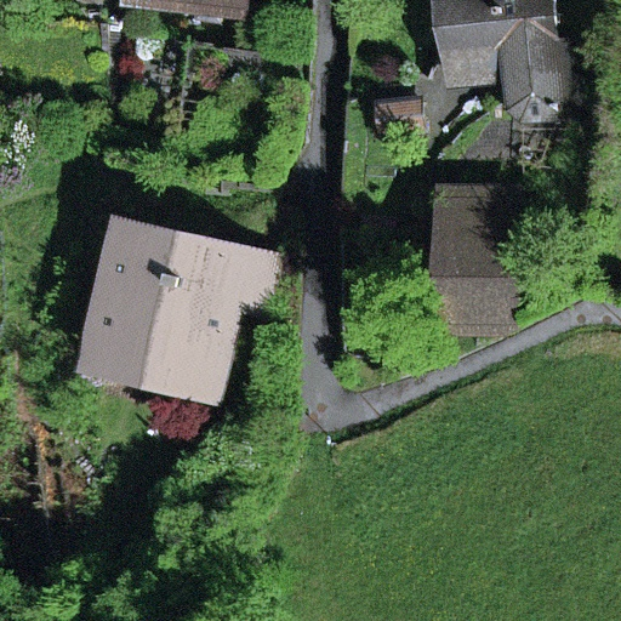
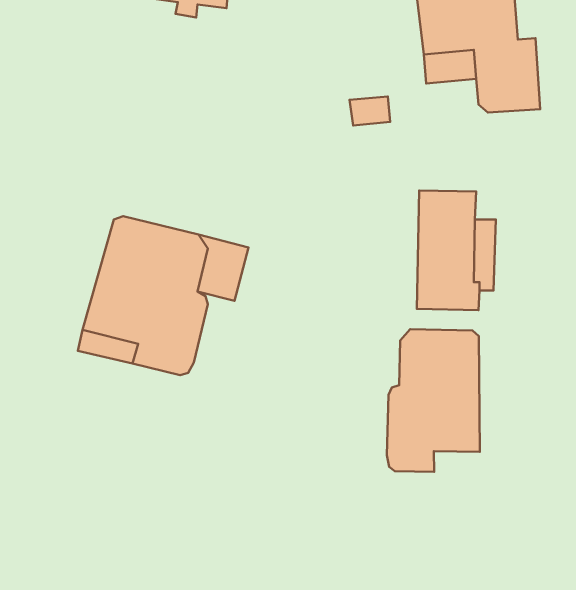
building: none -> [387,329,480,472]

